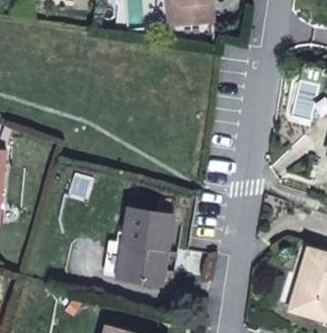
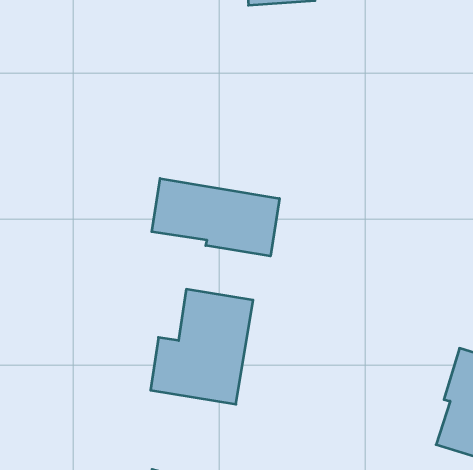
building: none -> [152,178,279,256]

